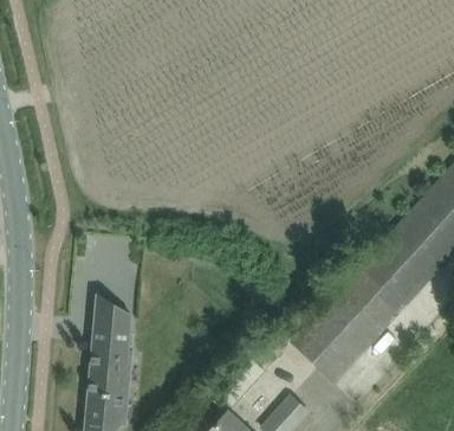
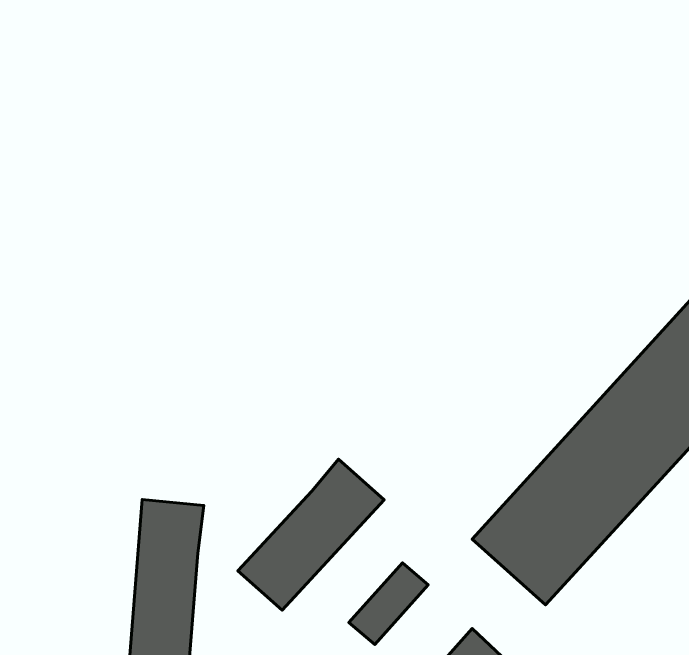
building: none -> [238,459,384,610]

